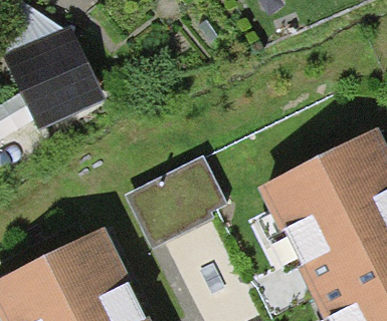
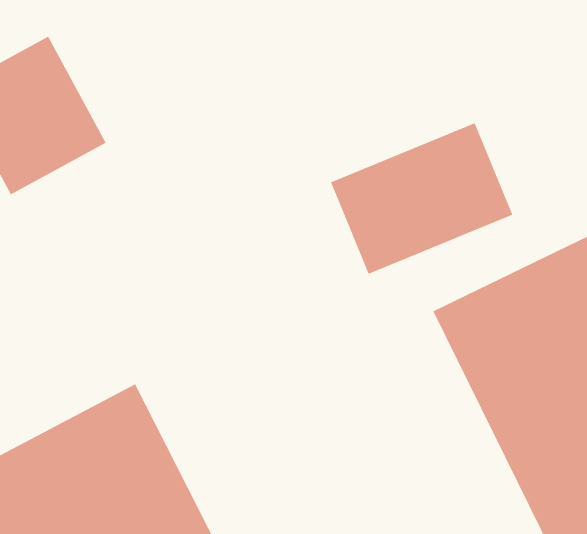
building: [131,162,232,246] -> [330,122,513,275]

